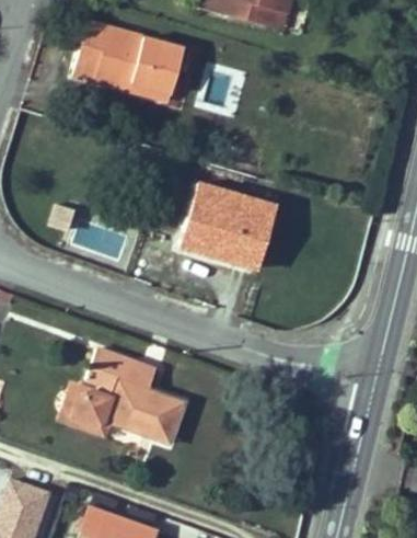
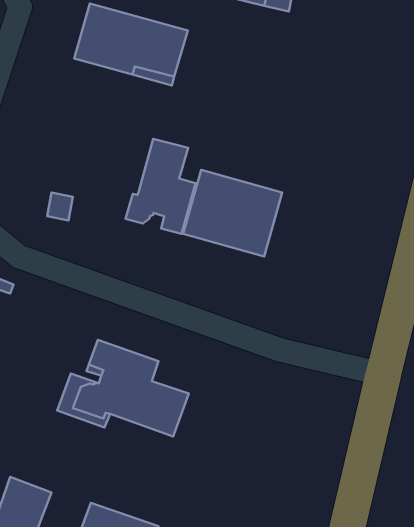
building: none -> [125,139,196,234]

